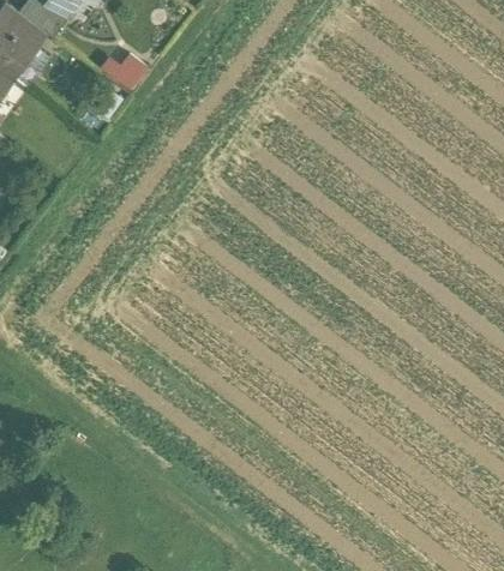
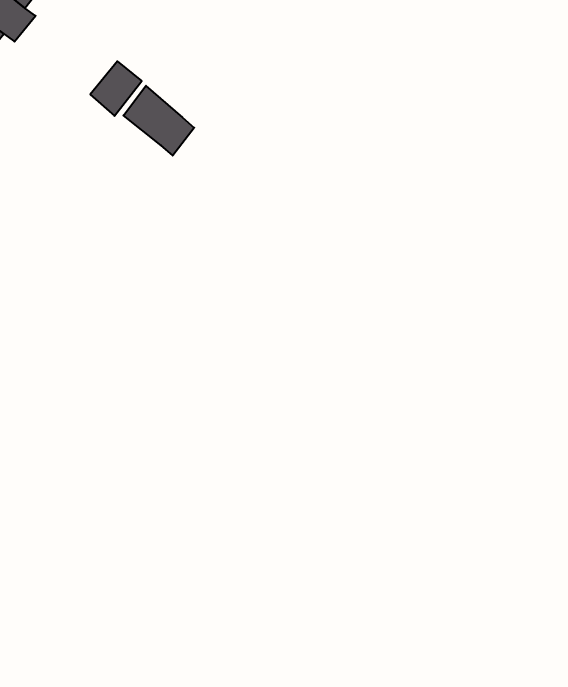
building: none -> [123,86,194,156]

